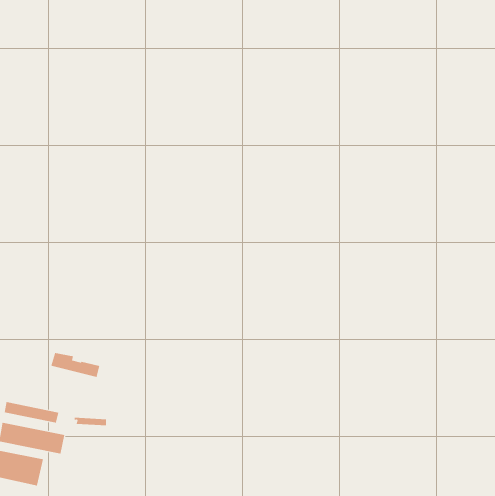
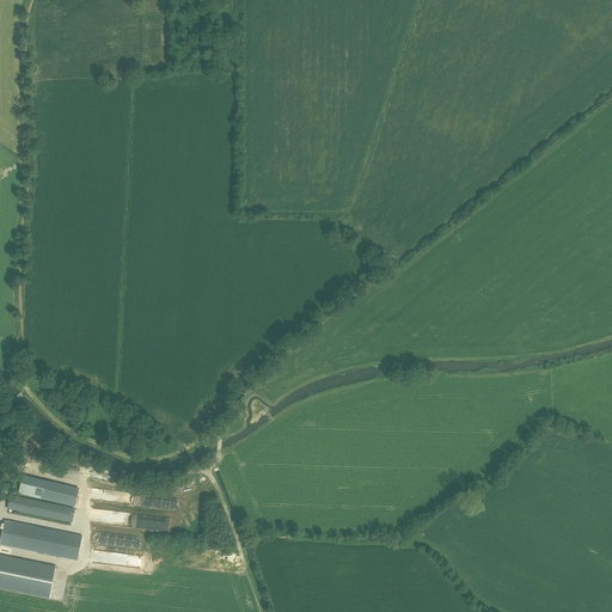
building: [50,352,100,378] -> [16,475,76,506]

